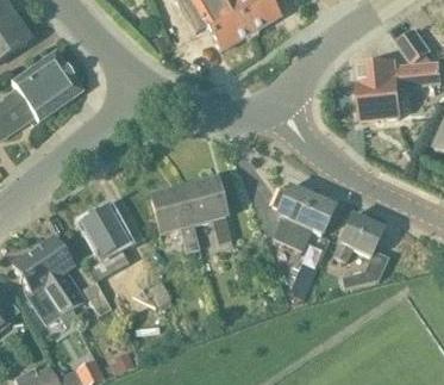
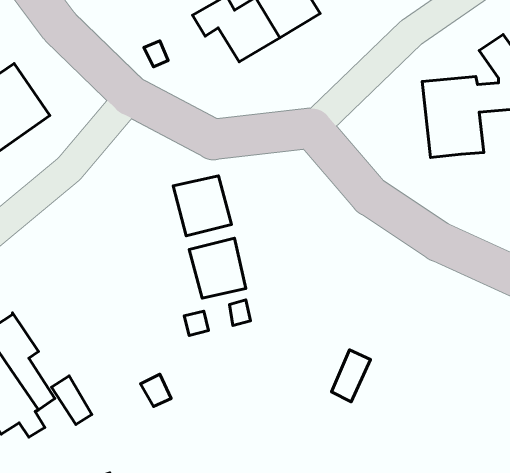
building: [273,186,333,249] -> none
building: [151,187,194,231] -> [173,176,232,236]
building: [83,205,129,255] -> none
building: [334,215,390,287] -> none

